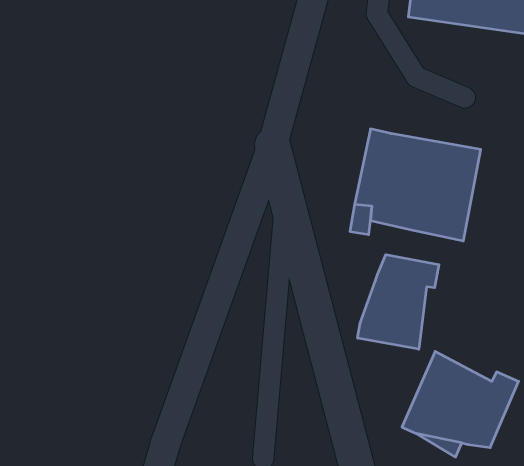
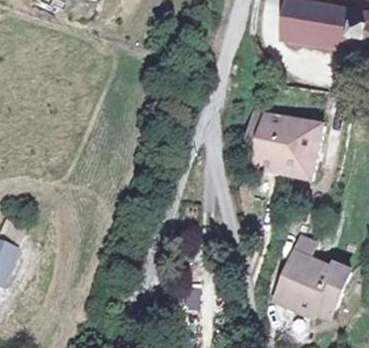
building: [358,255,439,349] -> none

